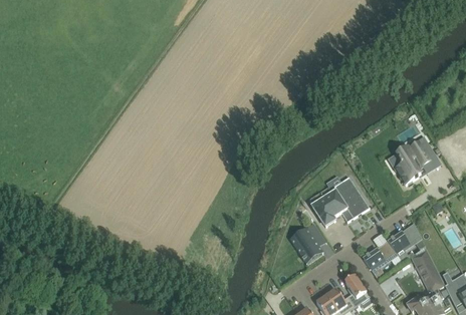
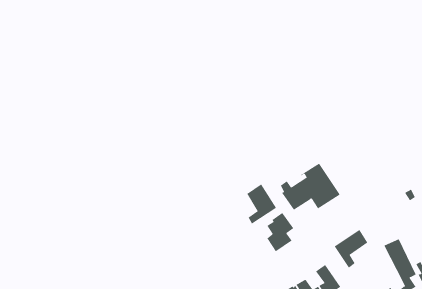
building: [395,139,436,184] -> none
building: none -> [246,183,277,224]
building: [388,222,421,261] -> none

